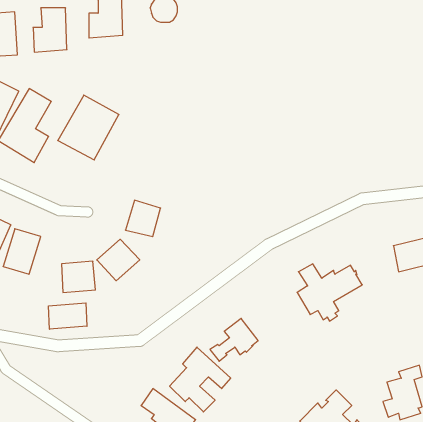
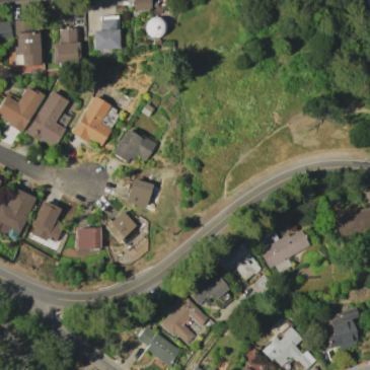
building: none -> [113,129,156,163]
building: none -> [217,240,262,280]
building: [49,303,87,329] -> none

